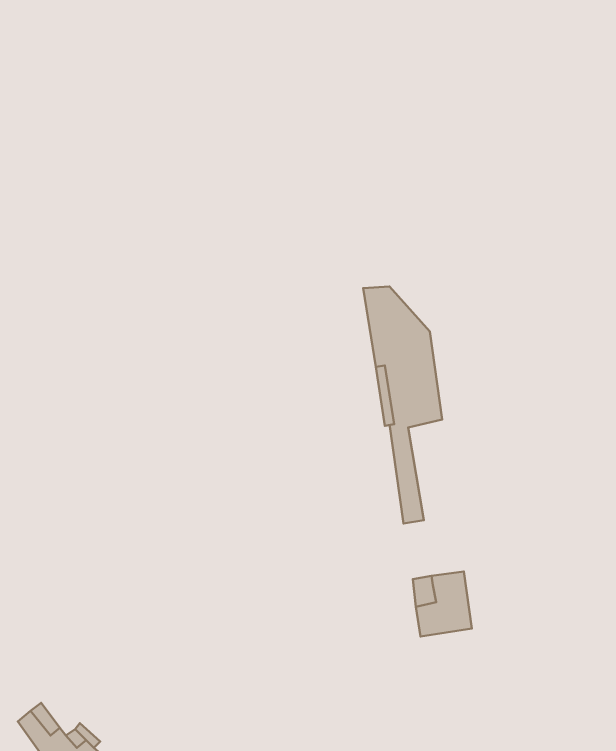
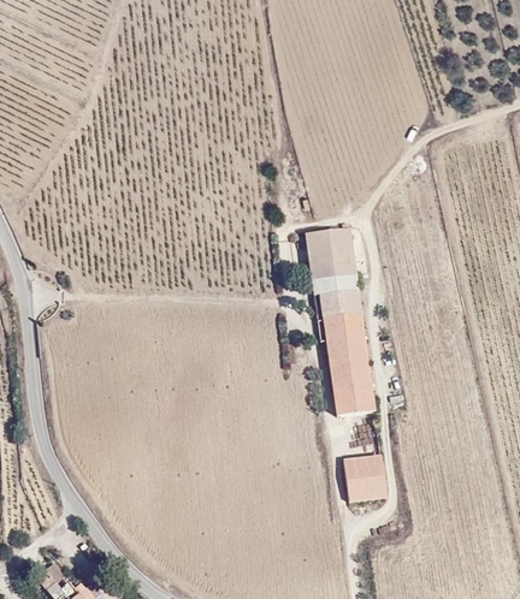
building: none -> [325,226,356,266]
building: none -> [339,334,377,413]

